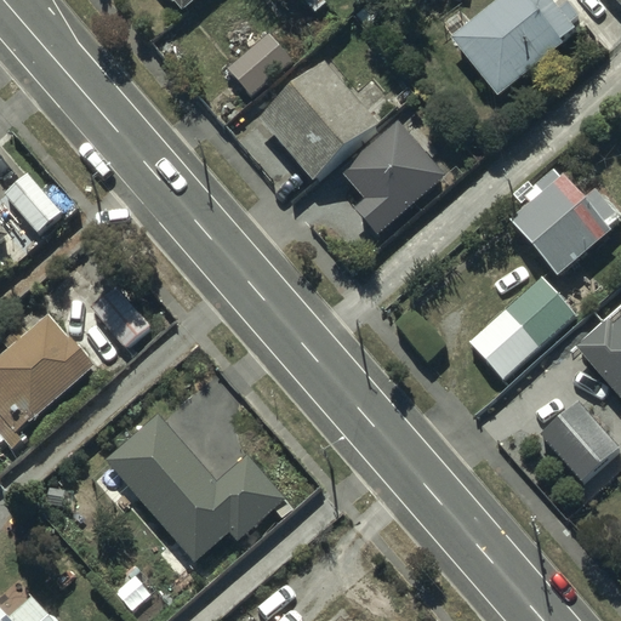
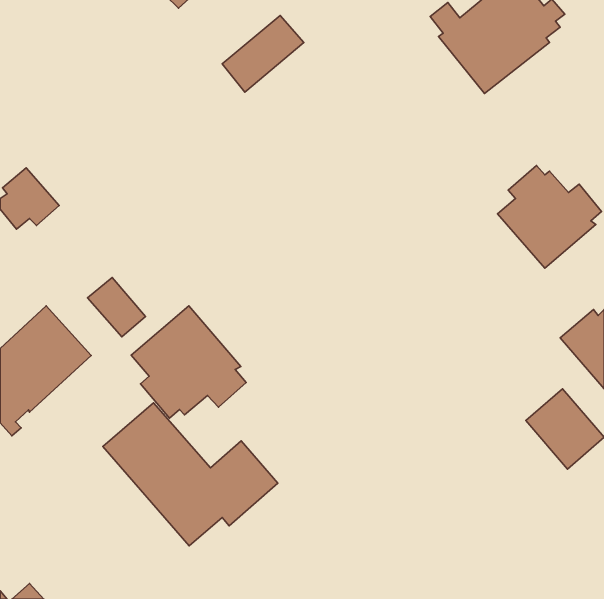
building: [258,59,380,181] -> none
building: [341,115,446,230] -> none
building: [469,277,575,377] -> none
building: none -> [131,306,246,418]

